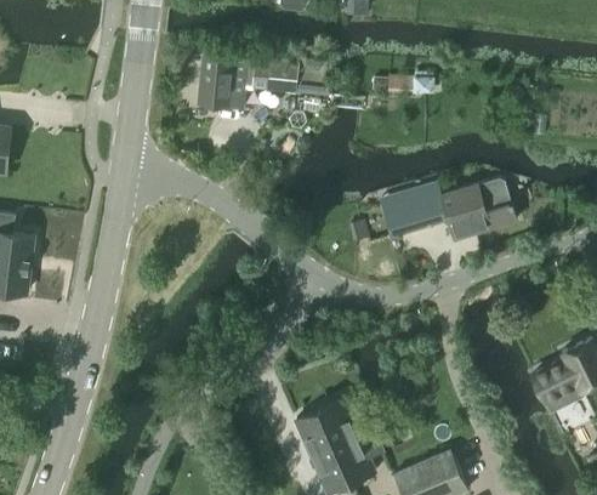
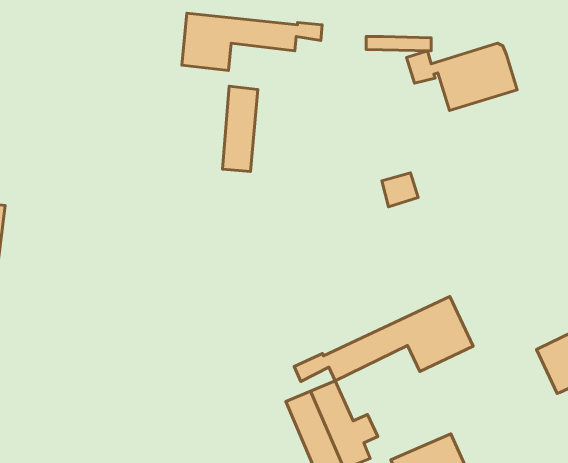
building: none -> [222,86,258,171]
building: [413,176,516,239] -> [407,43,517,111]
building: none -> [294,297,473,382]

